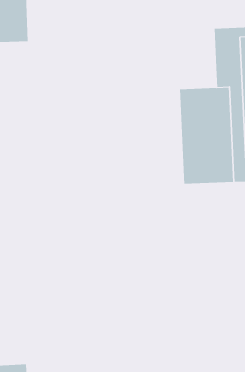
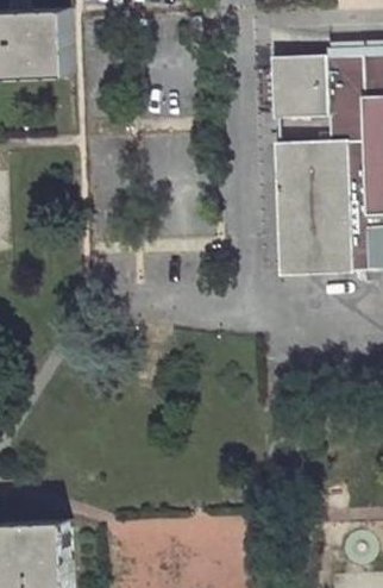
building: none -> [262,58,315,113]

